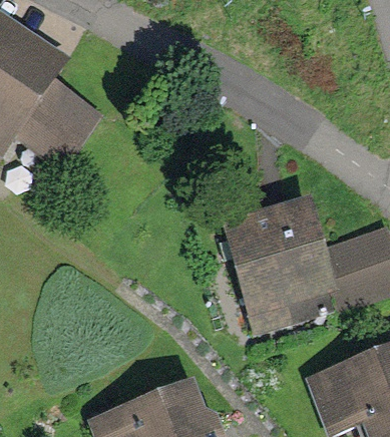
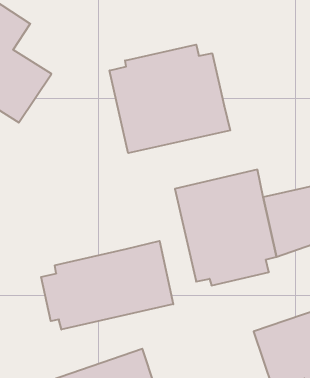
building: none -> [110,45,230,153]
building: none -> [41,241,173,330]

